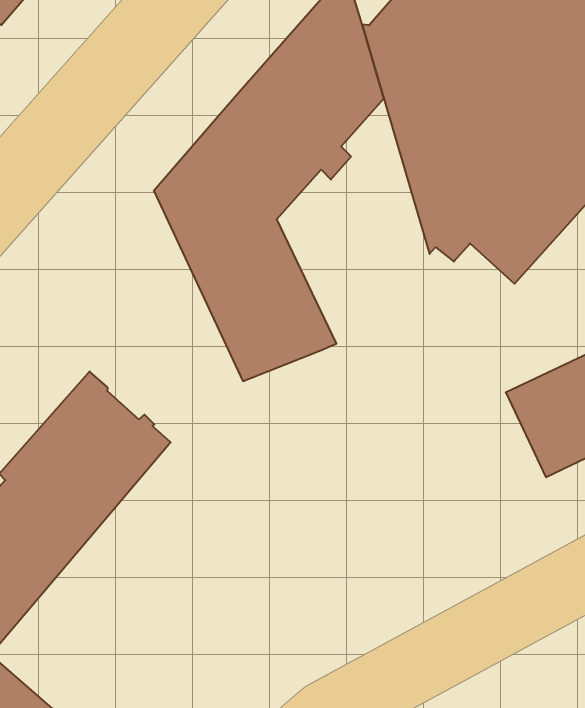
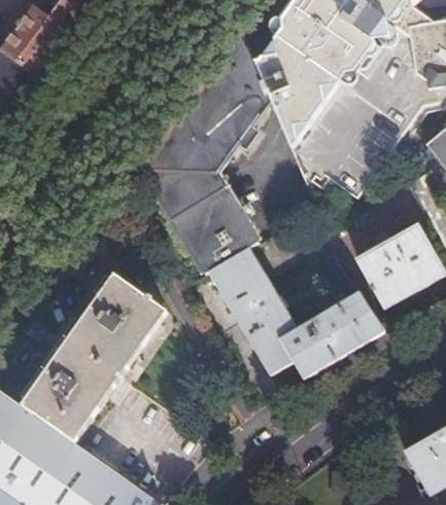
building: none -> [209,249,385,380]

